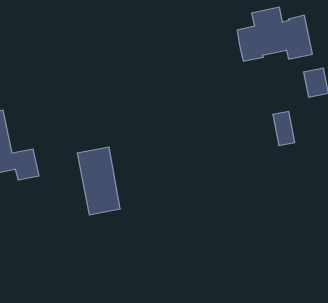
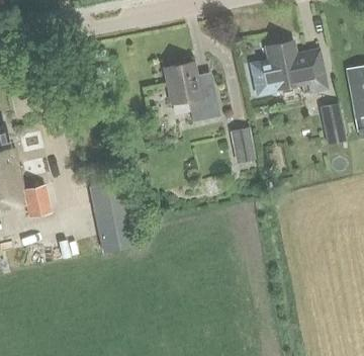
building: none -> [164,61,219,121]
building: [273,111,295,145] -> [233,127,255,162]

